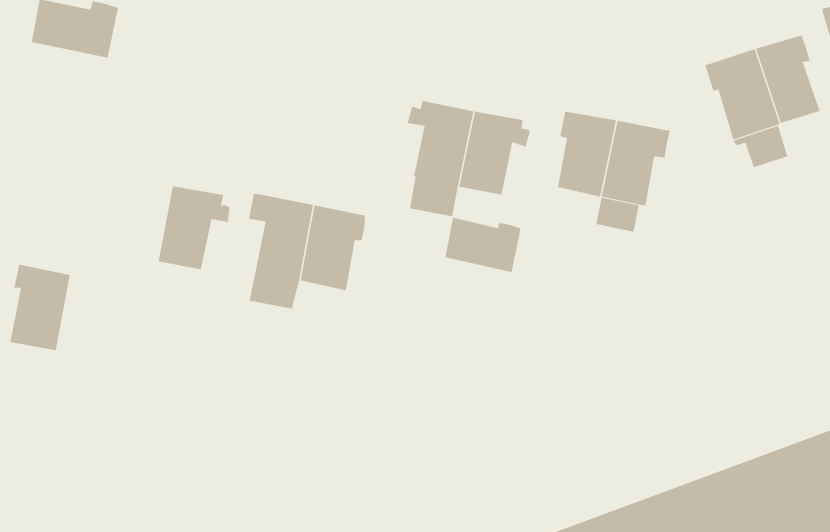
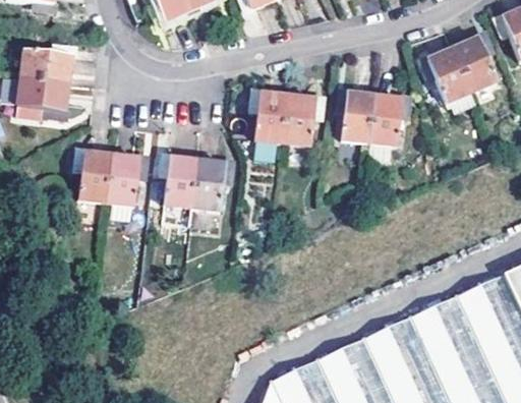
building: none -> [17,73,68,111]
building: [445,217,521,273] -> none
building: [9,264,71,351] -> [78,149,112,198]

